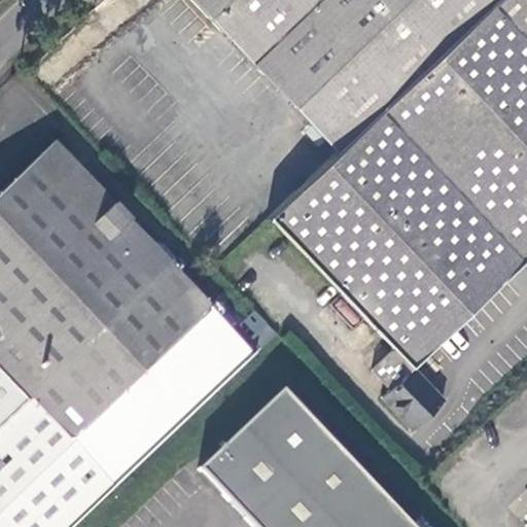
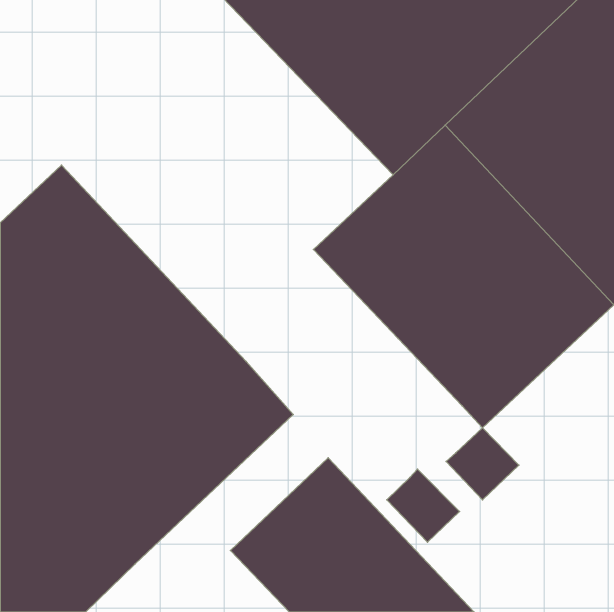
building: [374,347,414,387] -> none
building: none -> [387,469,459,542]

